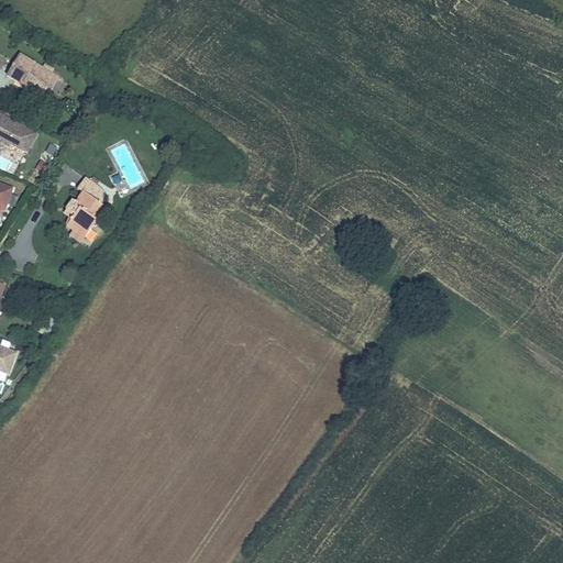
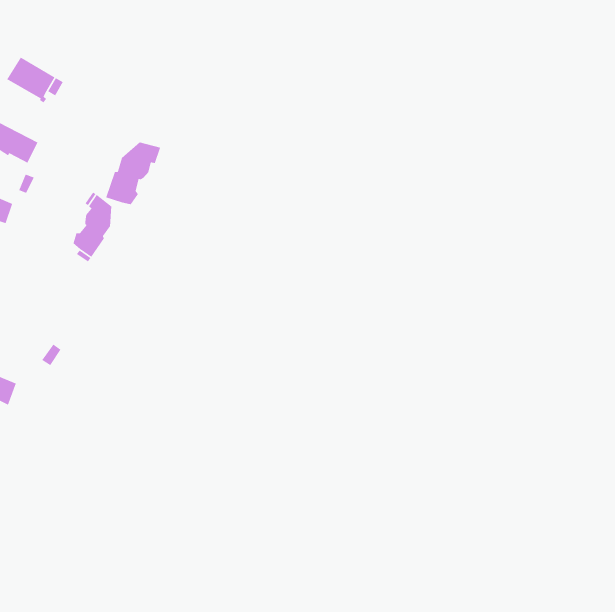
building: none -> [105,141,161,205]

